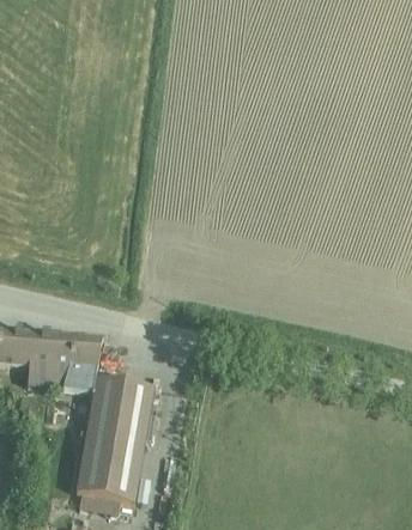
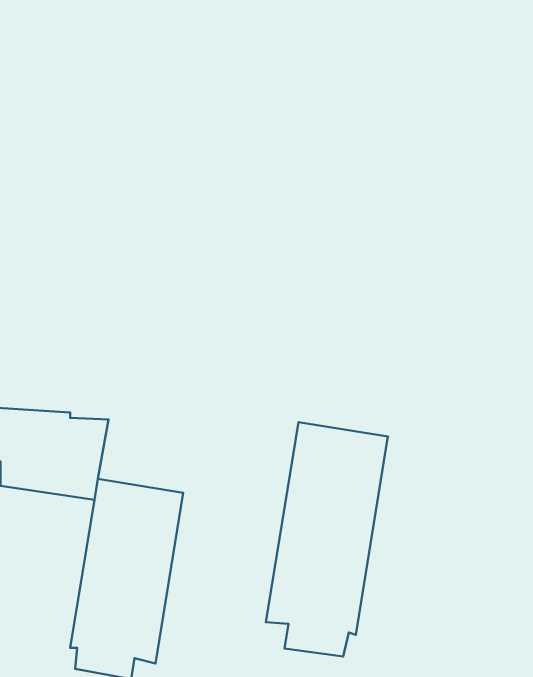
building: none -> [266,422,388,656]

